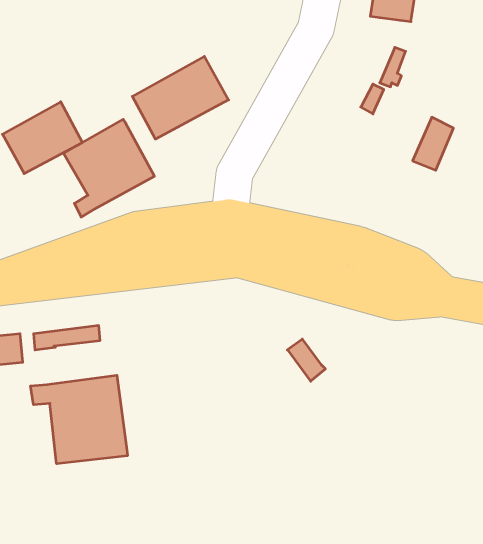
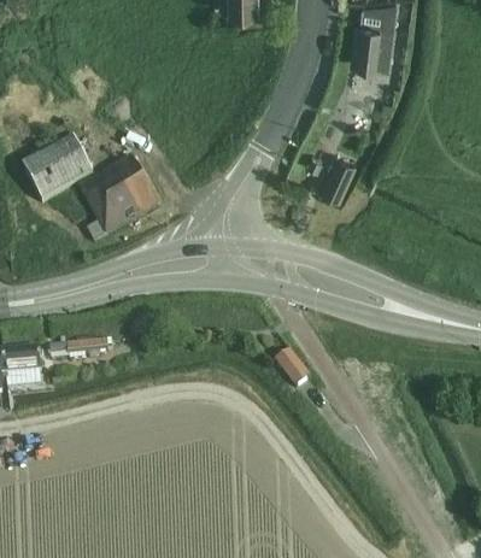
building: [132,56,229,139] -> none
building: [413,117,453,170] -> [319,153,356,200]
building: [31,375,127,464] -> none

